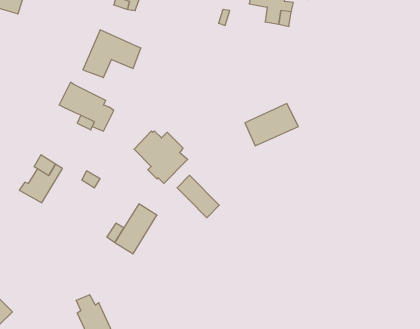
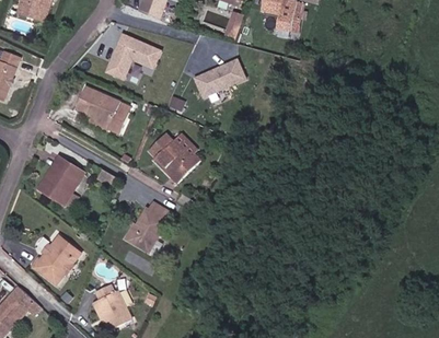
building: [245,104,298,146] -> [190,59,242,100]
building: [177,175,219,218] -> none
building: none -> [33,237,80,287]

